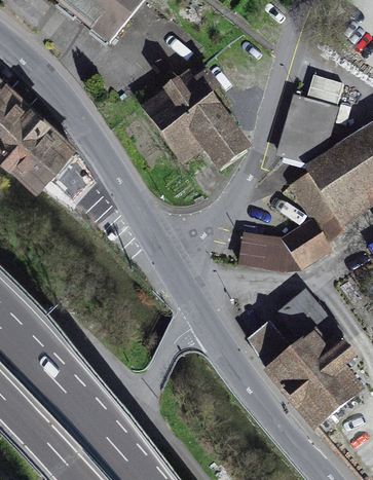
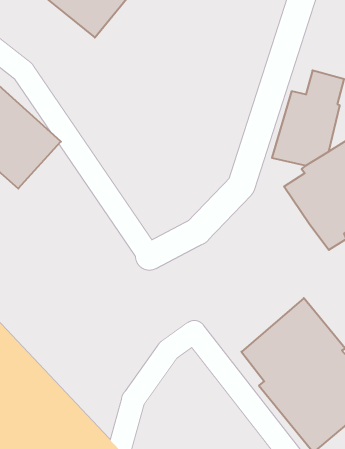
building: [141,69,252,172] -> none
building: [238,218,334,272] -> none

